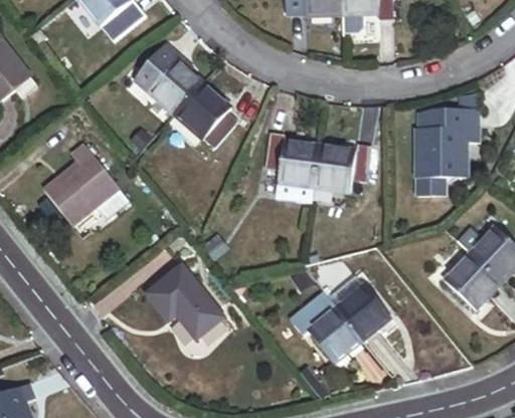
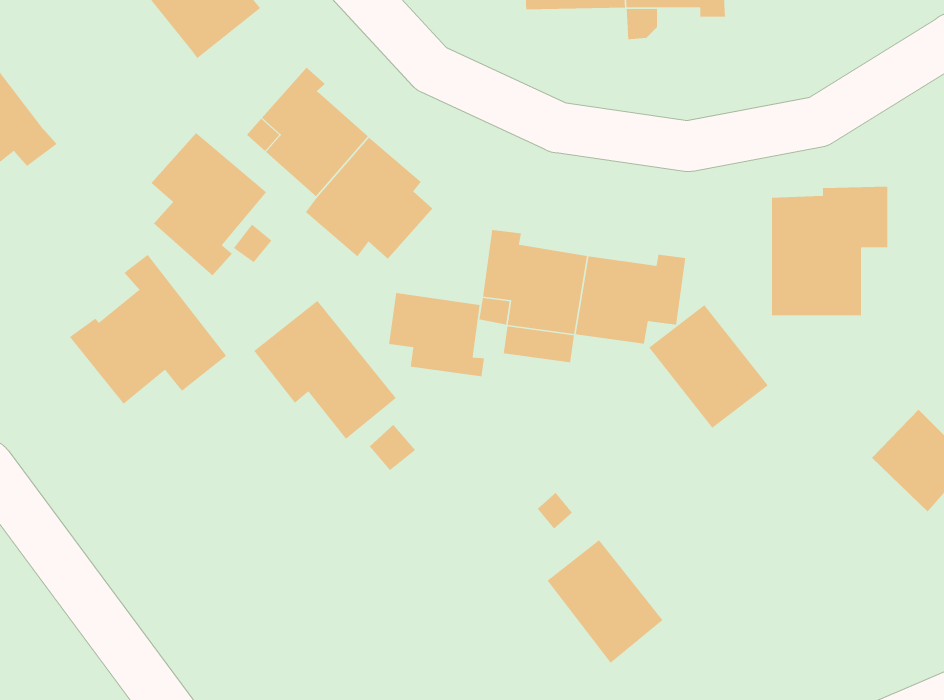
building: none -> [151,132,267,276]
building: none -> [388,292,485,377]
building: [445,252,501,308] -> none
building: [147,264,223,339] -> [253,300,397,440]
building: [326,272,390,339] -> [648,304,769,429]

